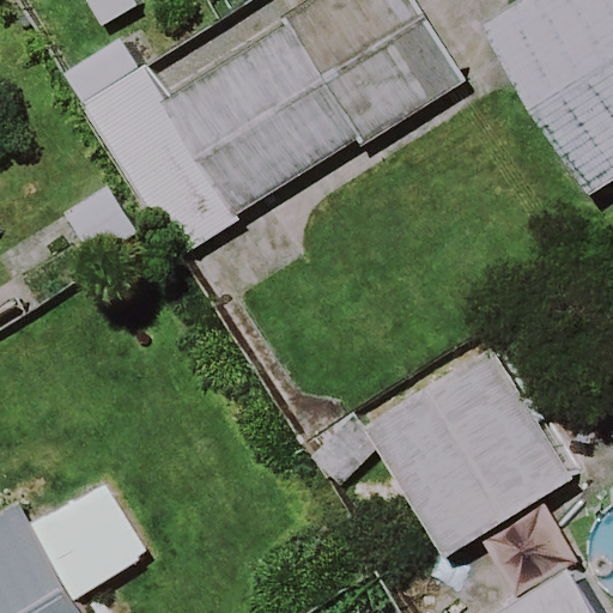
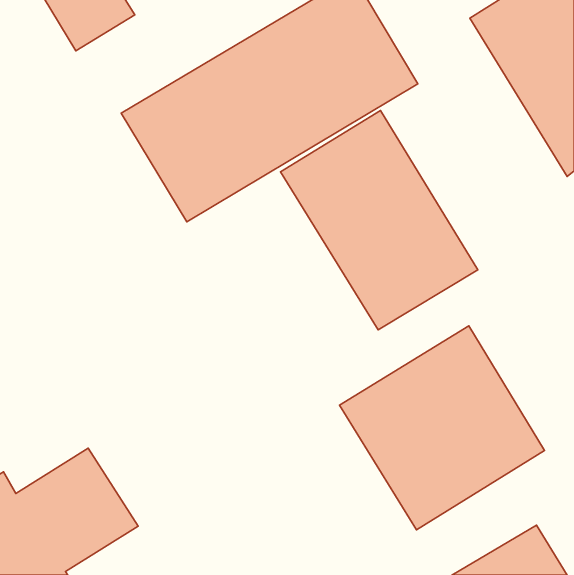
building: none -> [281,110,478,330]

